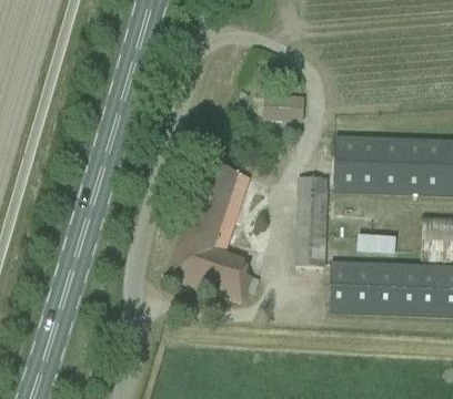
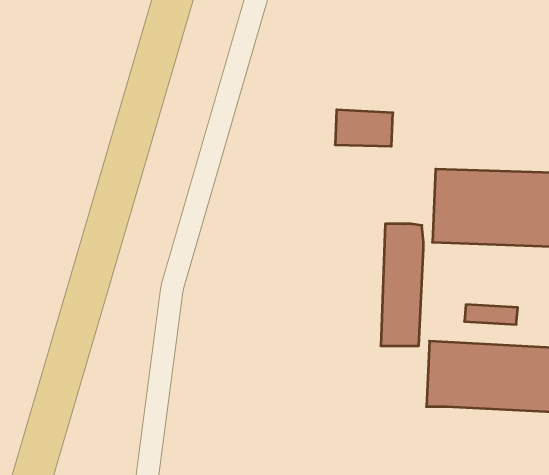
building: [169,162,253,300] -> none

